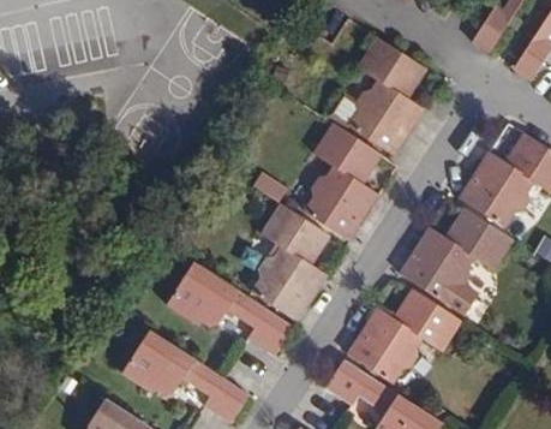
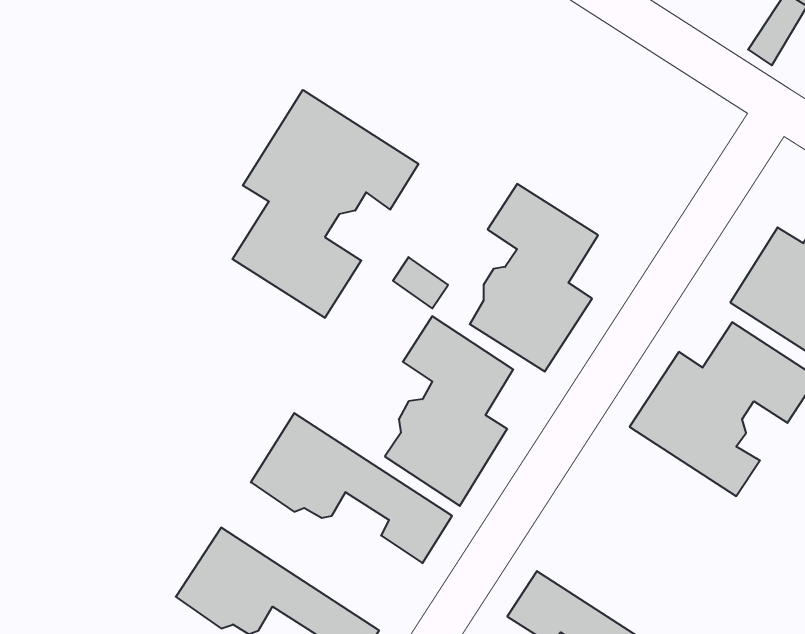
building: [330,36,426,151] -> none
building: none -> [232,90,418,318]
building: [348,290,461,382] -> none

